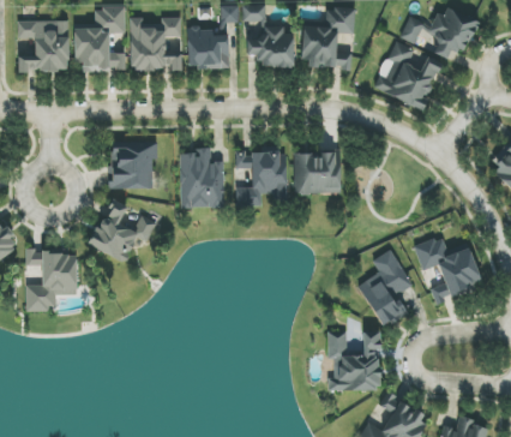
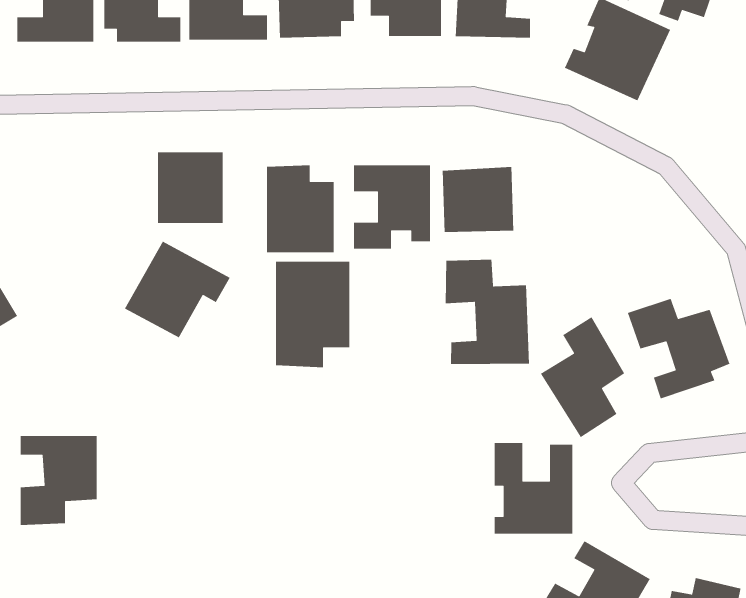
building: none -> [445,259,530,365]
building: none -> [275,261,350,368]
building: [26,252,77,311] -> [20,435,97,526]

